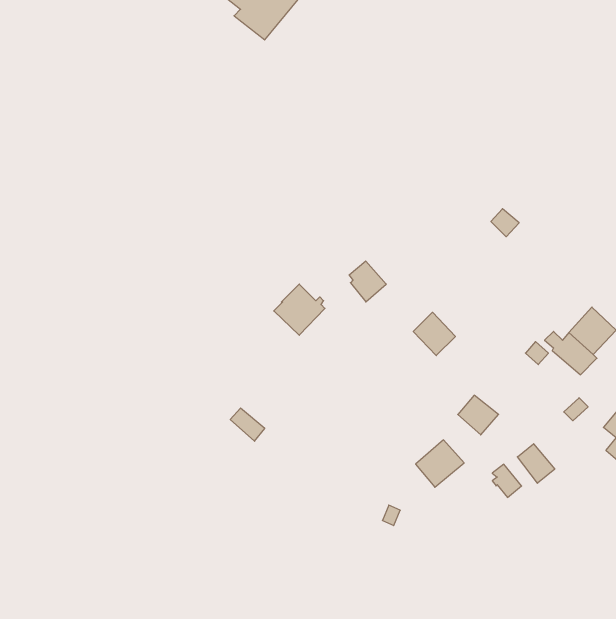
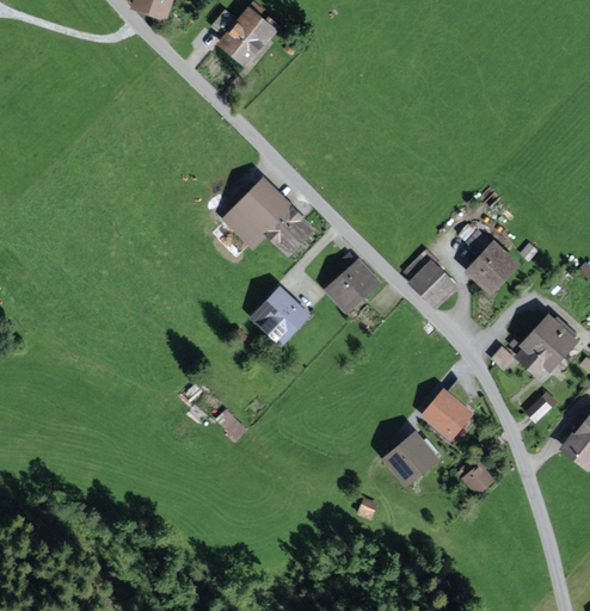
building: none -> [225,184,307,248]
building: none -> [472,247,512,289]
building: none -> [338,254,376,292]
building: [413,312,455,356] -> [413,265,453,306]
building: [517,444,555,483] -> none

